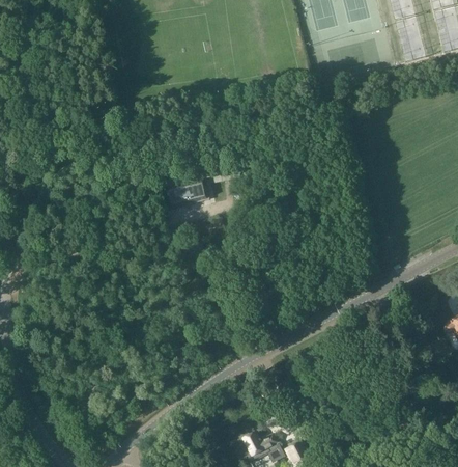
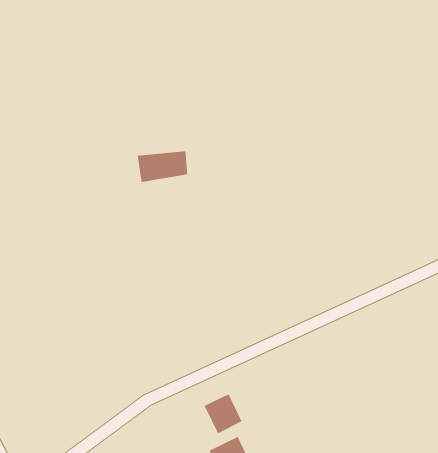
building: none -> [204,393,242,434]

